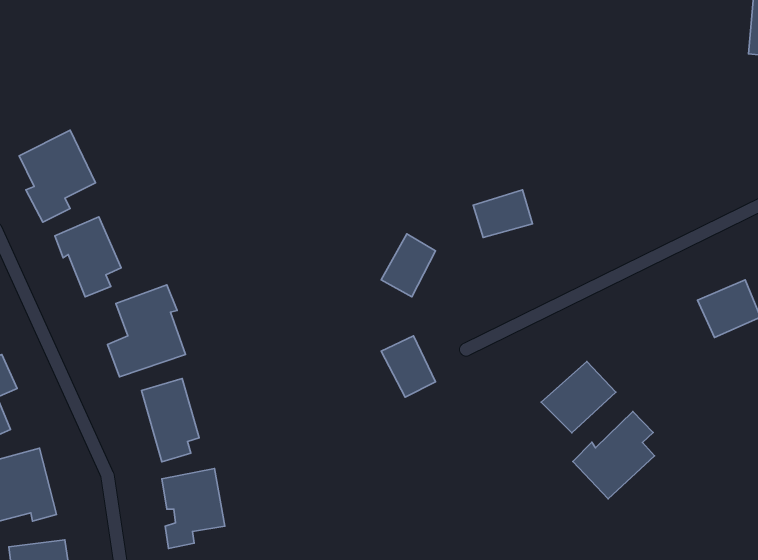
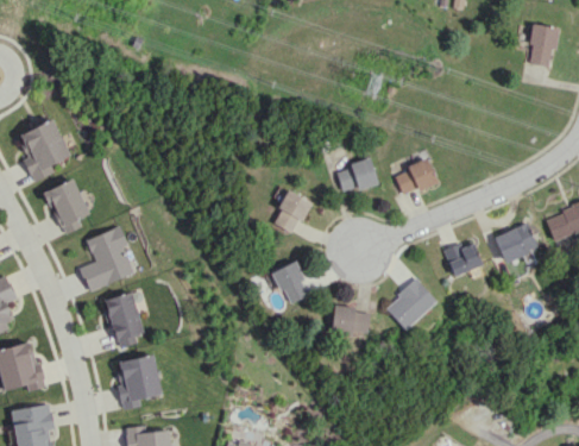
building: none -> [392,159,435,195]
building: none -> [448,244,479,275]
building: none -> [329,306,369,335]
building: [573,412,655,499] -> none

